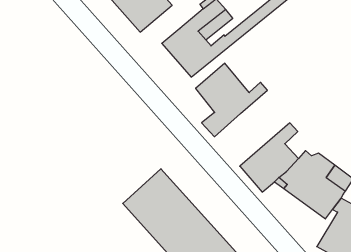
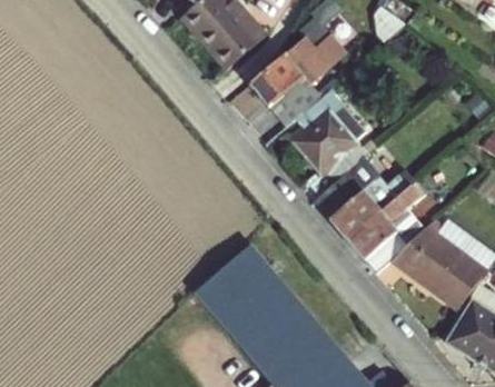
building: none -> [318,176,415,244]

